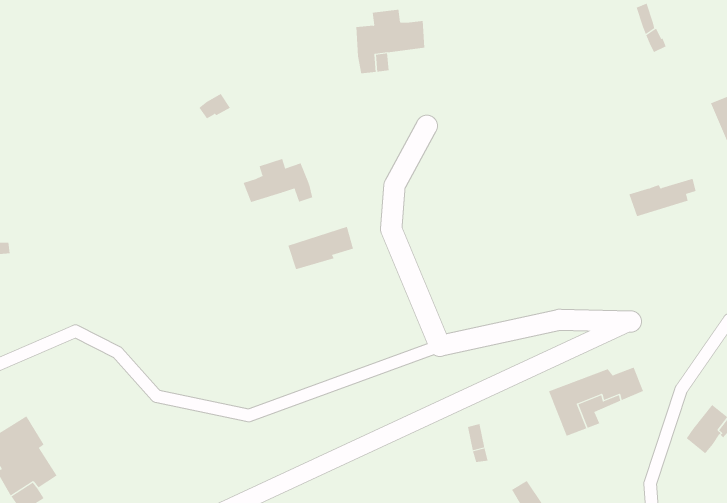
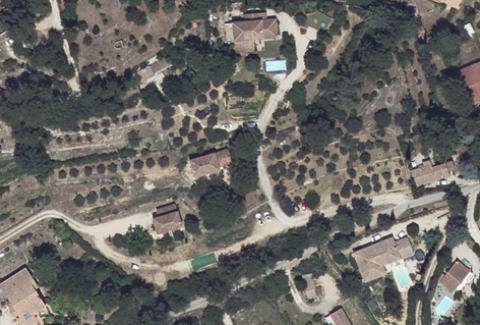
building: [243,158,313,203] -> none
building: [628,178,696,217] -> [412,160,455,184]
building: none -> [153,203,182,232]

